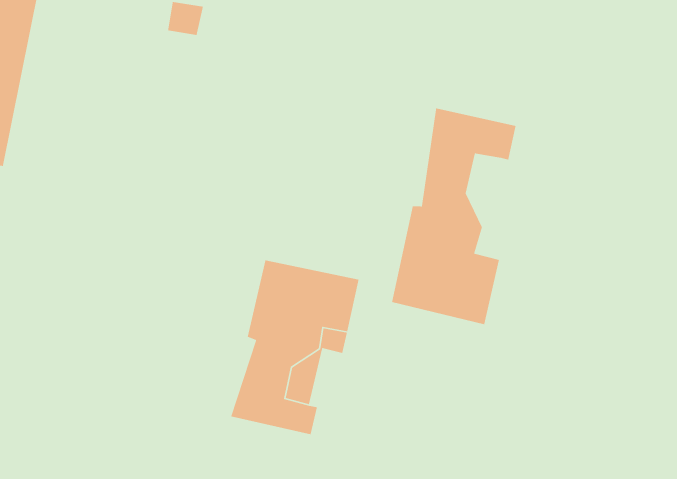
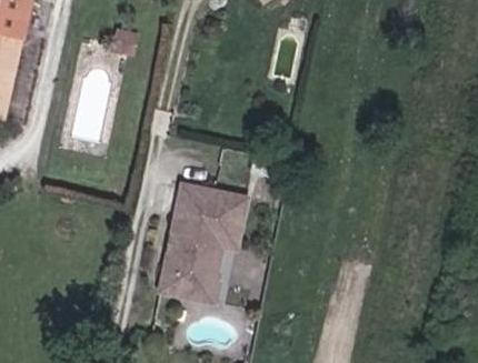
building: [391,107,517,325] -> none

